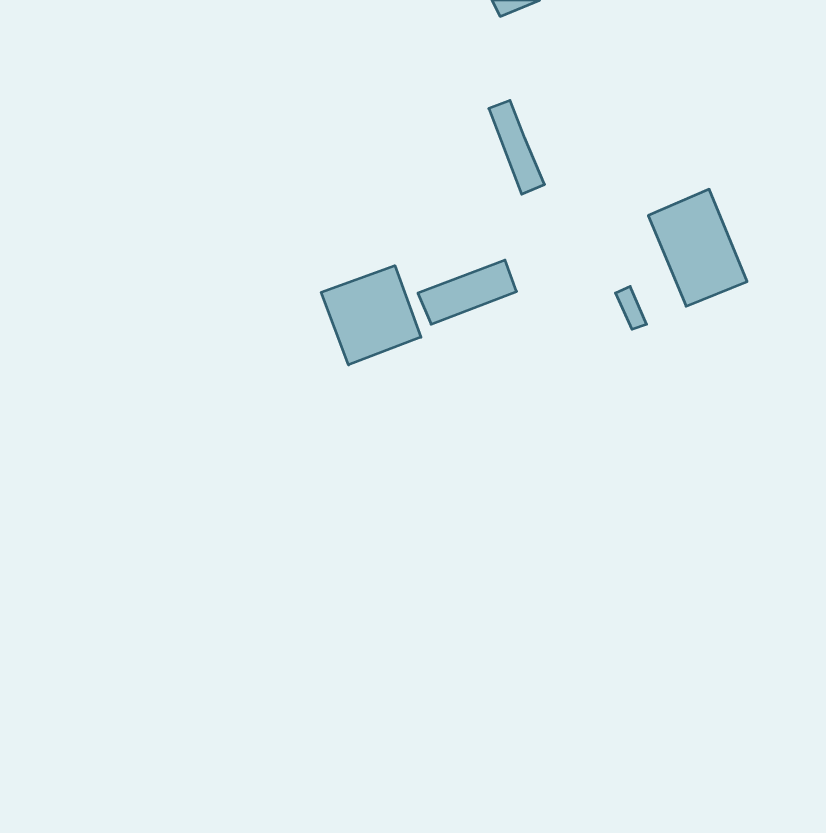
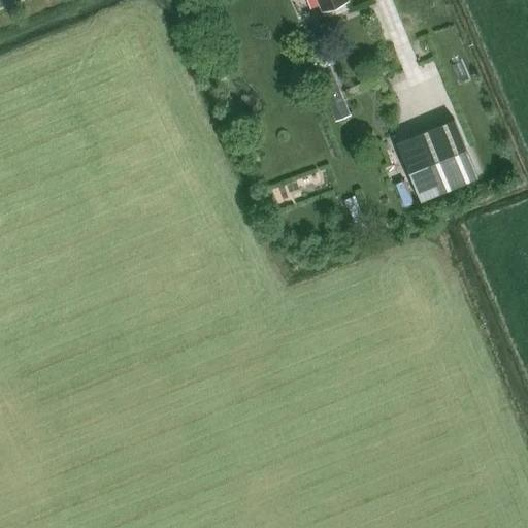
building: [321,266,421,365] -> none

